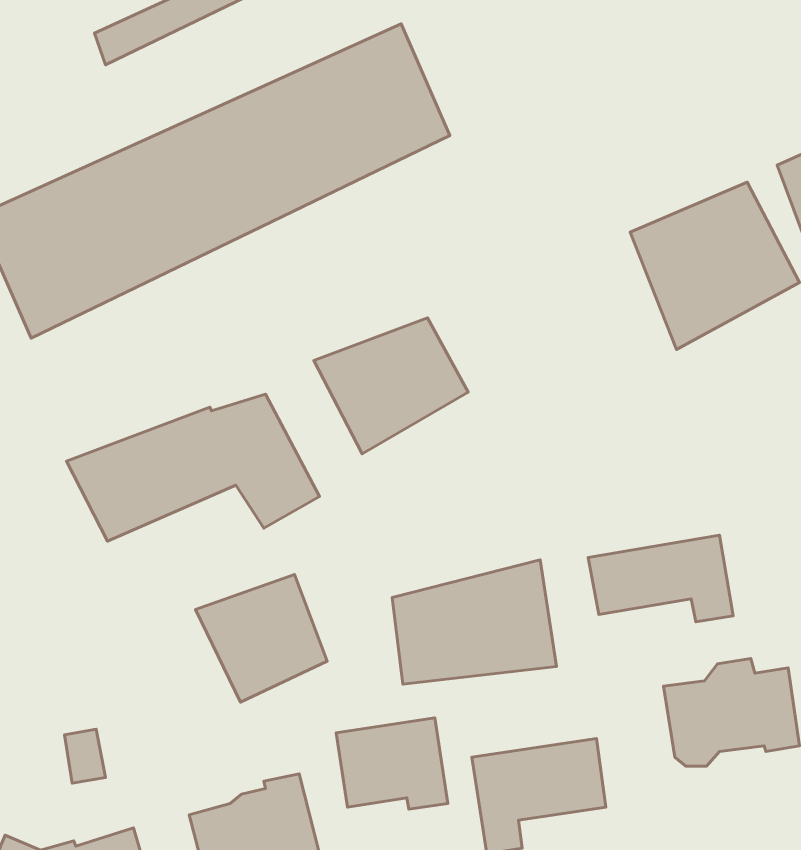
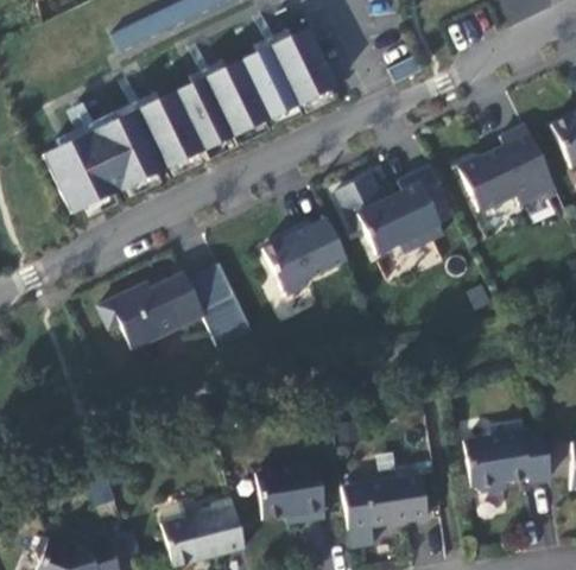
building: none -> [329,160,456,259]
building: [588,535,733,622] -> none
building: [392,560,557,684] -> none
building: [195,575,327,702] -> none

